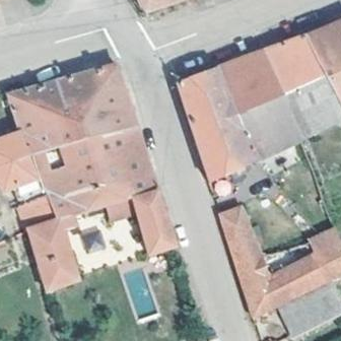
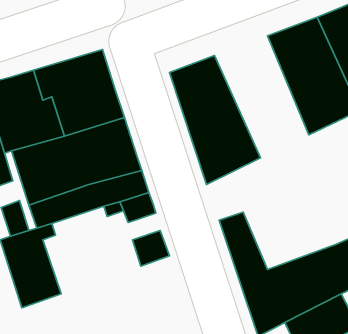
building: [215,51,298,158] -> none

